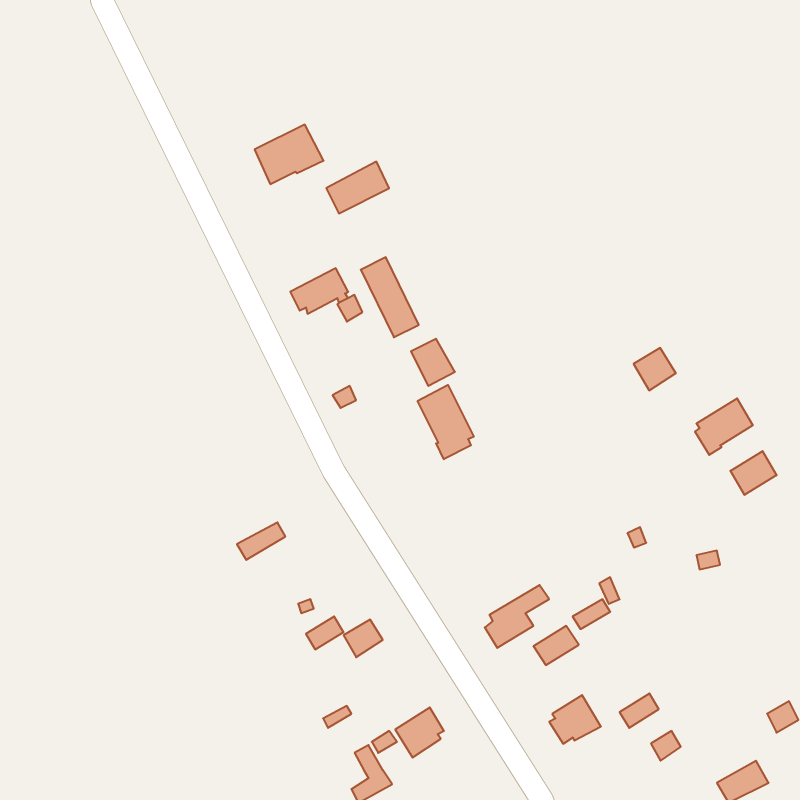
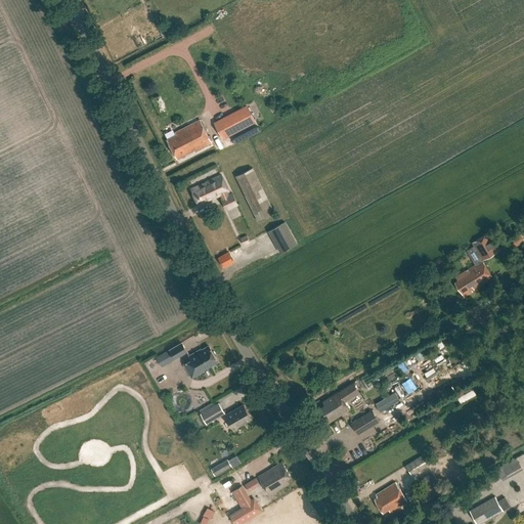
building: [255,125,324,184] -> [165,121,210,160]
building: [634,348,676,390] -> [471,233,498,261]
building: [418,385,474,459] -> none
building: [730,451,777,495] -> none
building: none -> [183,347,216,379]
building: [549,695,601,744] -> [373,482,406,514]

